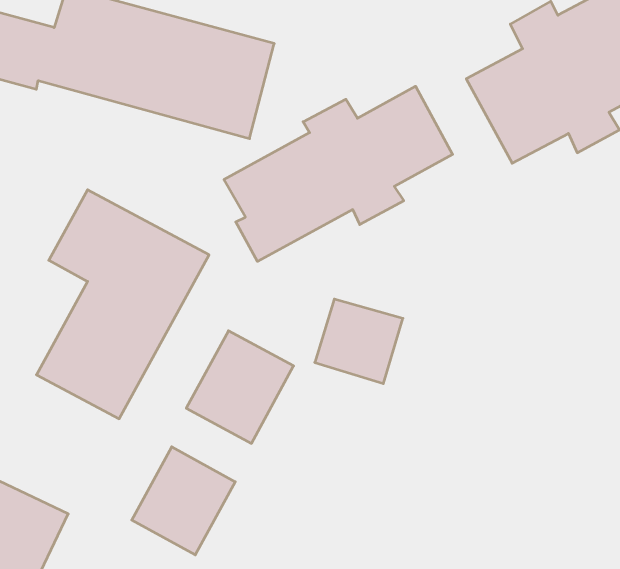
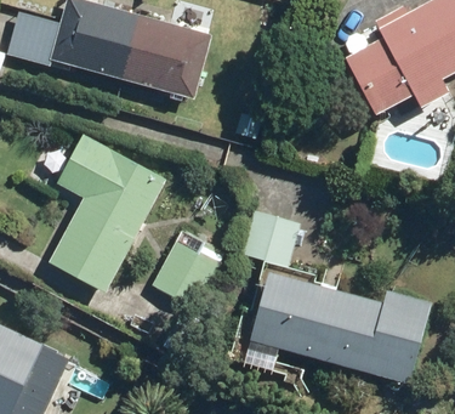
building: [224,86,453,261] -> none
building: none -> [249,273,431,385]
building: [132,447,235,555] -> none

